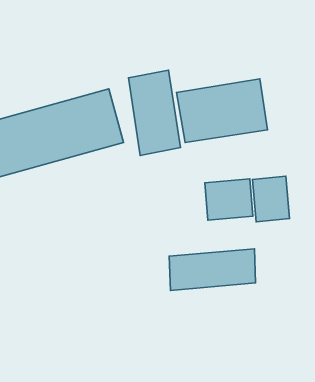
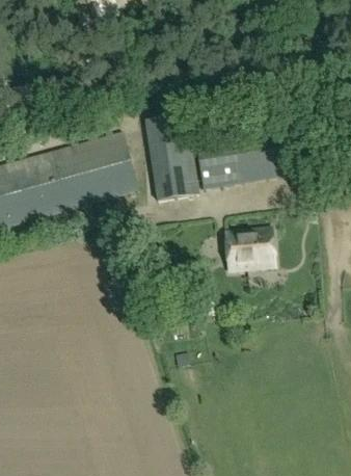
building: [253,176,290,222] -> none
building: [169,249,256,290] -> none

